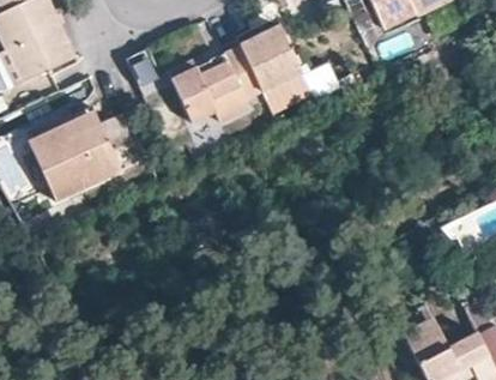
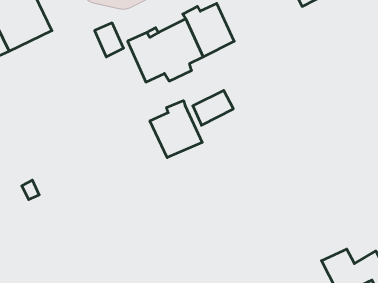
building: [262,72,313,115] -> [193,90,233,125]
building: [26,105,122,203] -> none
building: none -> [150,101,202,158]

